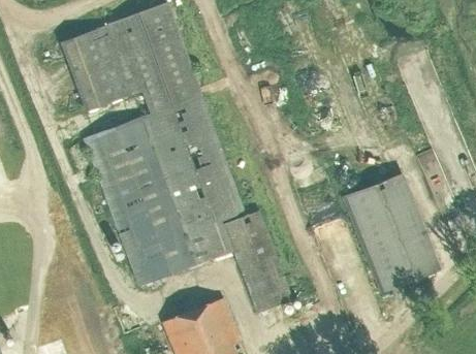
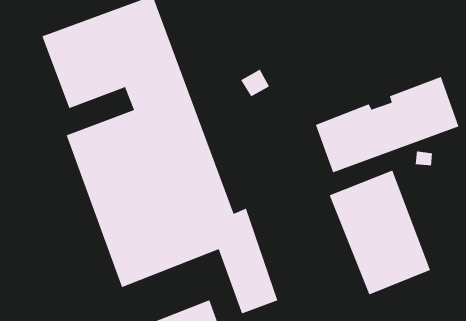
building: none -> [315,76,459,173]

